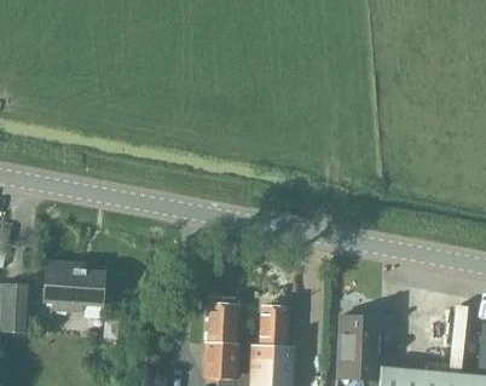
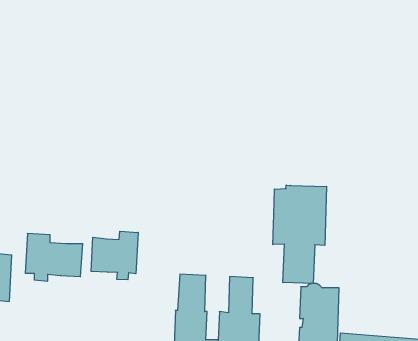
building: none -> [273,185,327,283]
building: none -> [91,231,138,280]

